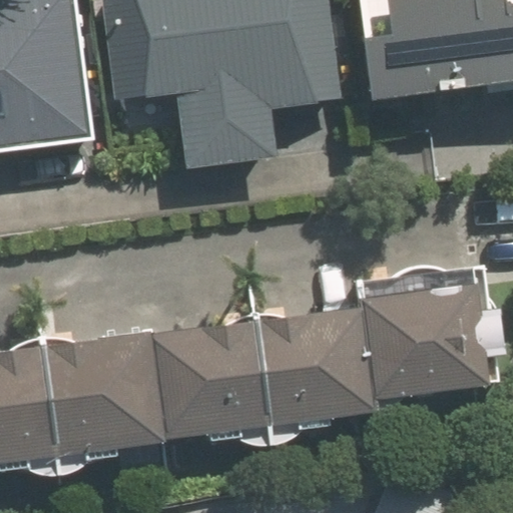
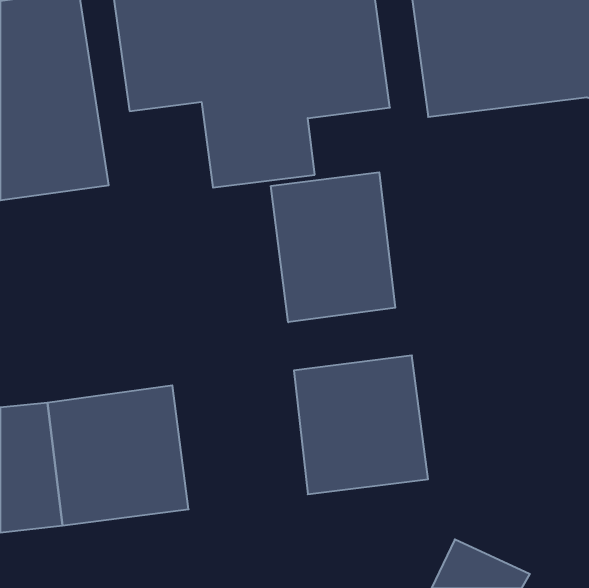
building: none -> [271,172,395,322]
building: [358,287,485,400] -> none
building: [151,321,269,441] -> none

